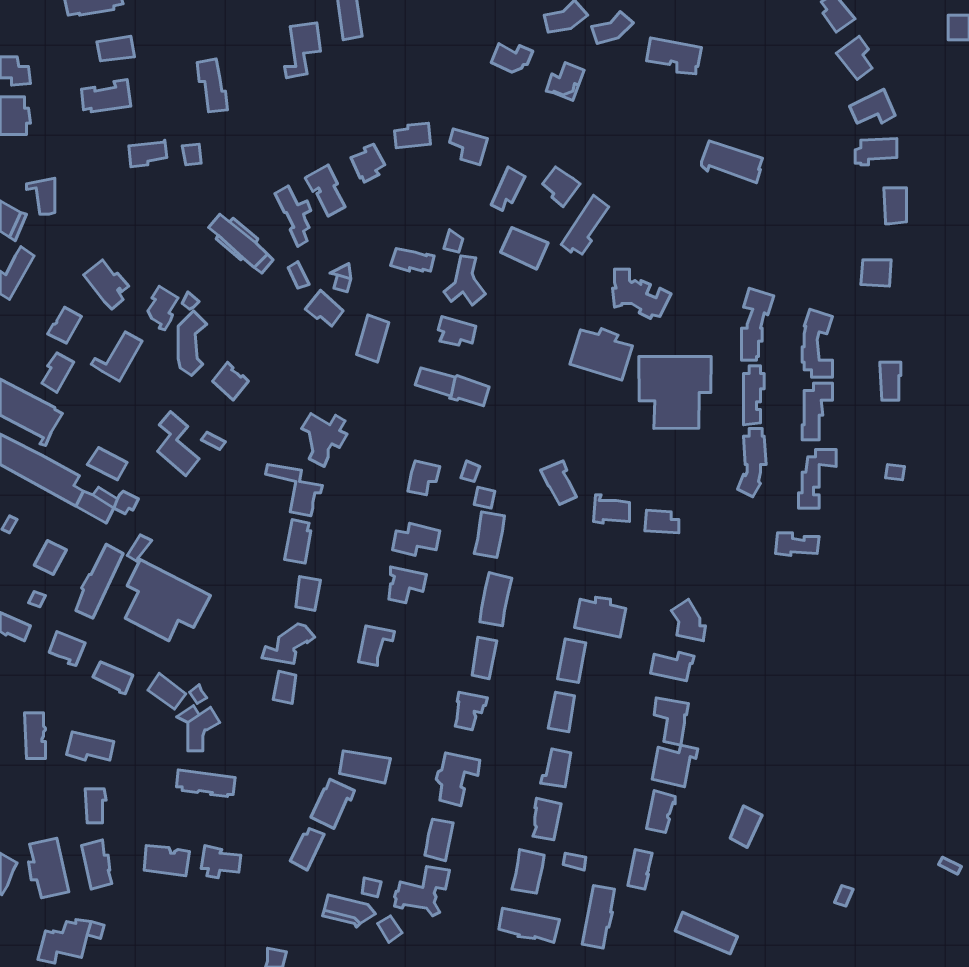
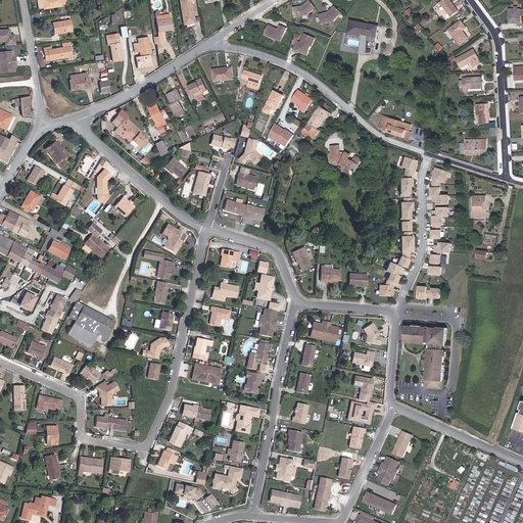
building: none -> [134,36,154,68]
building: [702,141,762,183] -> [379,115,412,138]
building: [570,328,633,380] -> none
building: [639,357,711,429] -> none
building: none -> [378,263,403,297]
building: none -> [405,326,445,387]
building: none -> [191,363,222,383]
building: [29,838,69,898] -> none
building: none -> [378,456,399,485]

